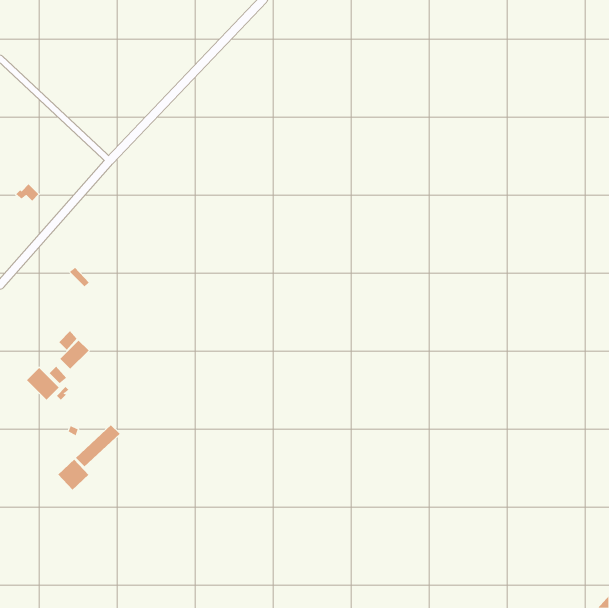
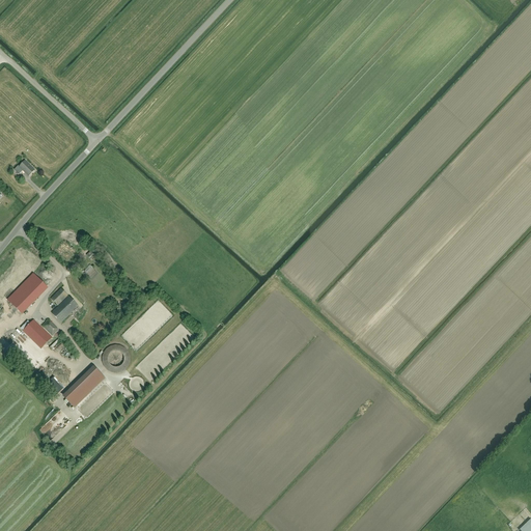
building: none -> [7,273,46,311]
building: [58,459,89,491] -> none

